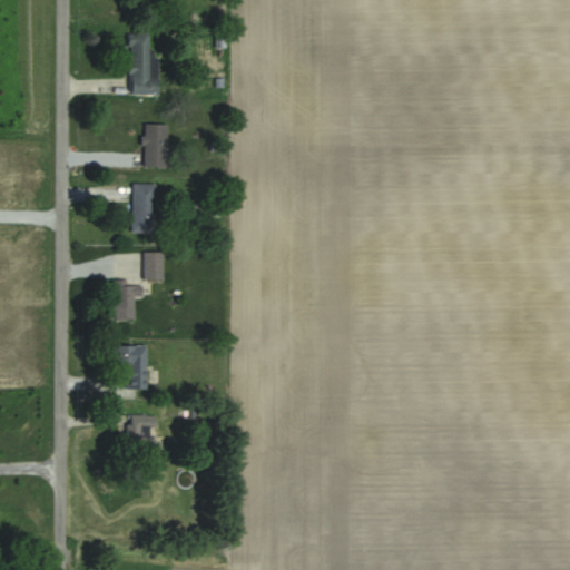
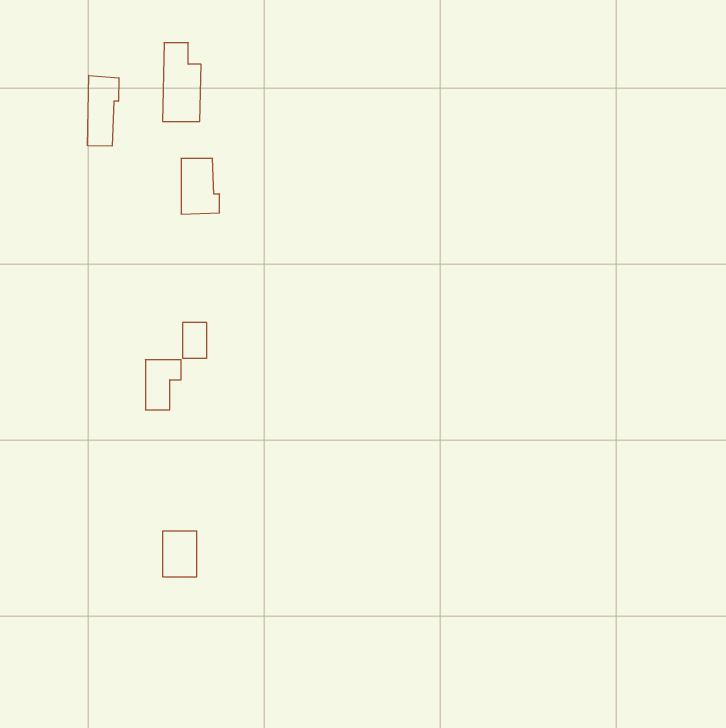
building: none -> [88,75,119,146]
building: [132,184,156,234] -> none
building: [114,346,147,389] -> none

